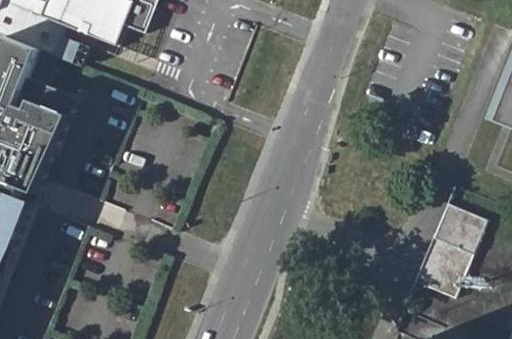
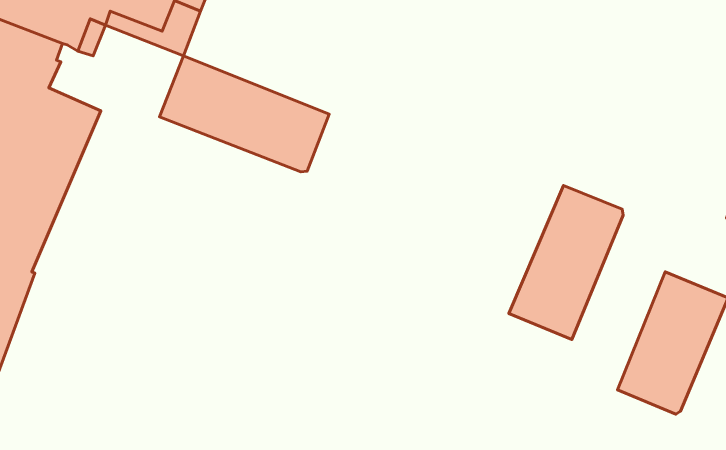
building: none -> [160,56,329,172]
building: none -> [509,185,623,340]

